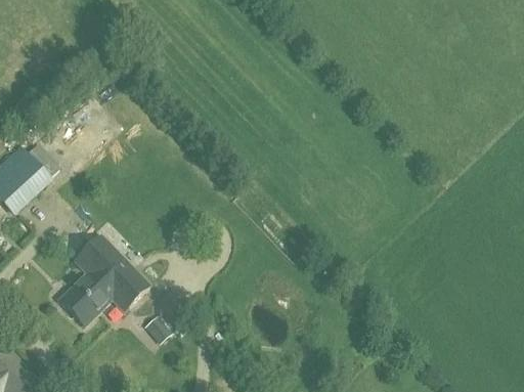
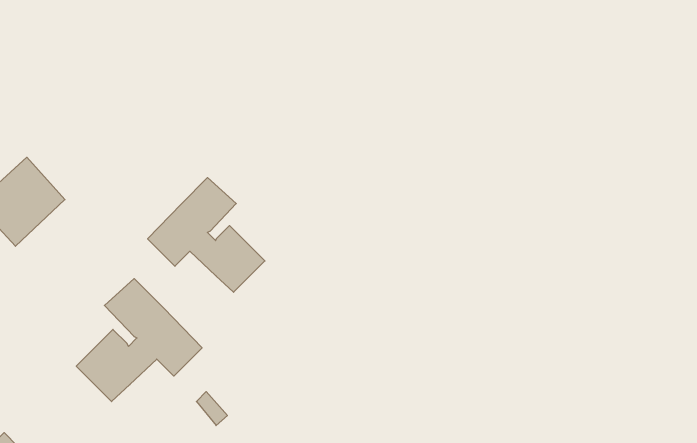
building: none -> [148,178,265,292]

